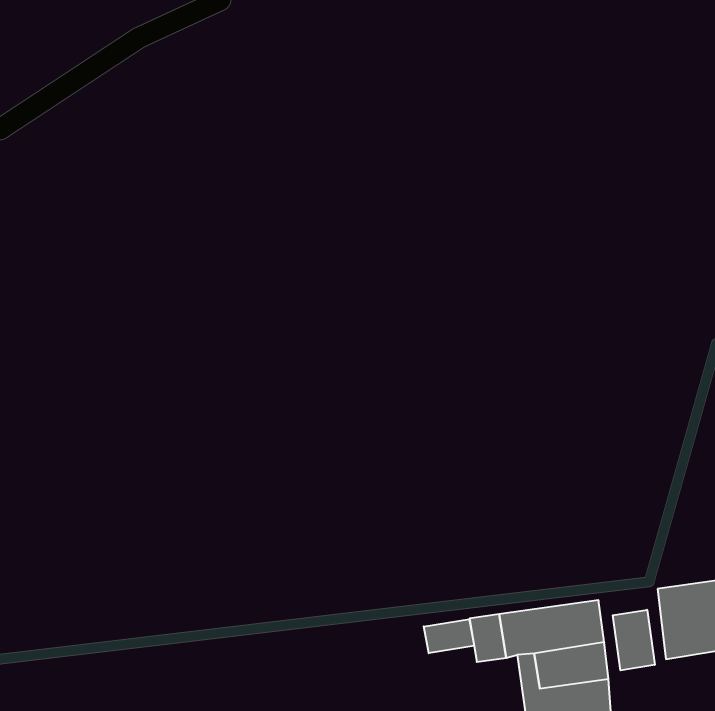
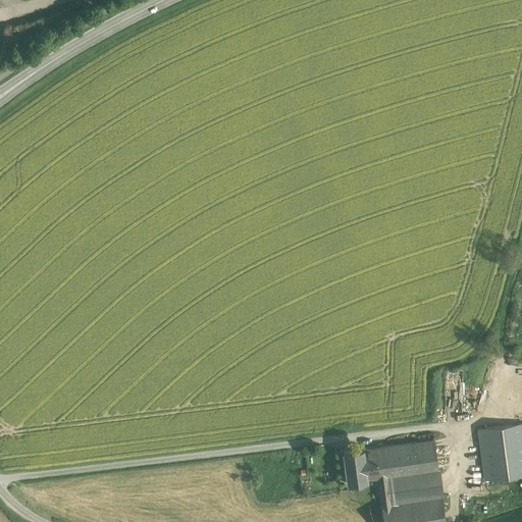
building: [613,610,655,670] -> none
building: [424,619,474,653] -> none

